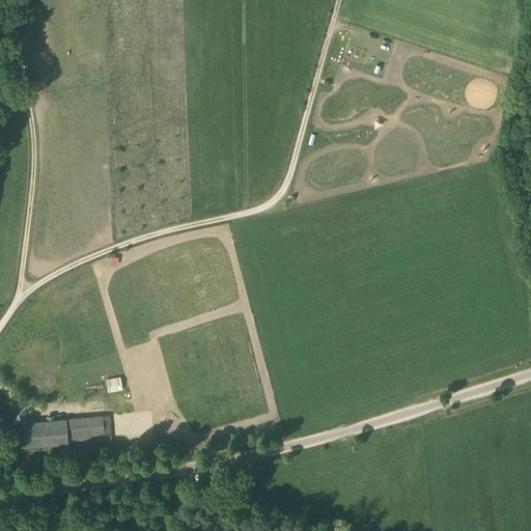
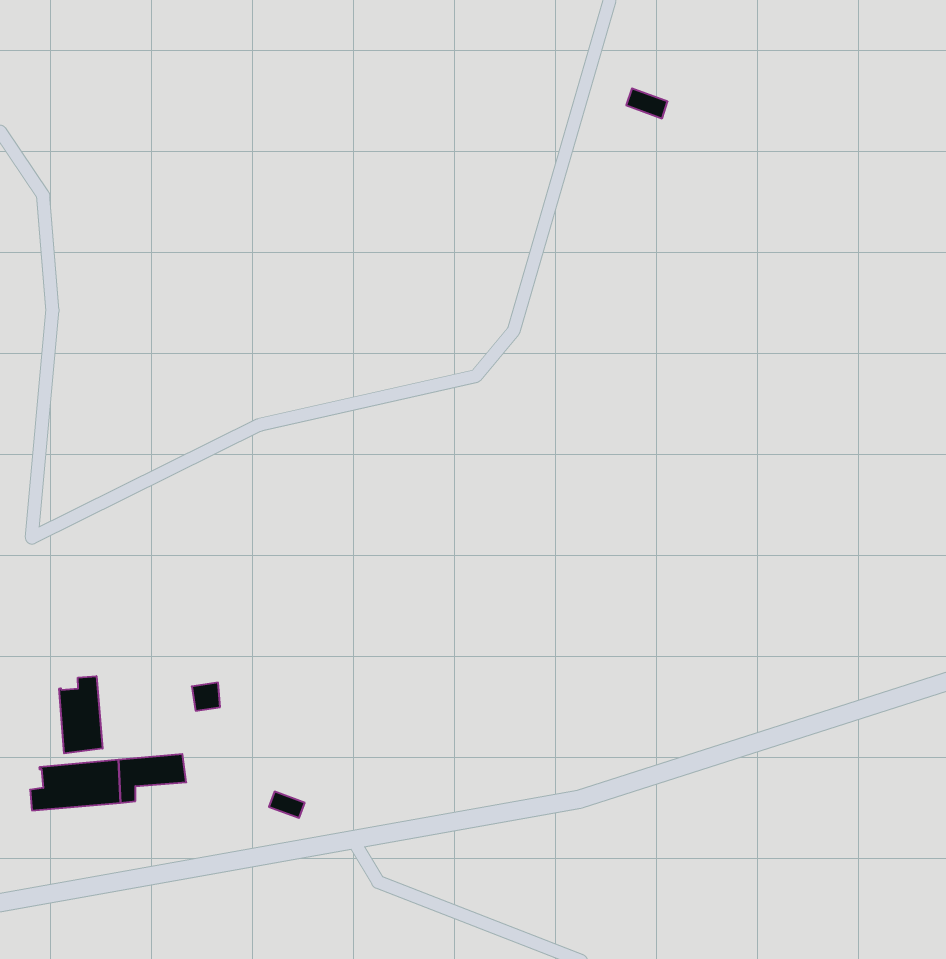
building: none -> [59,676,103,753]

